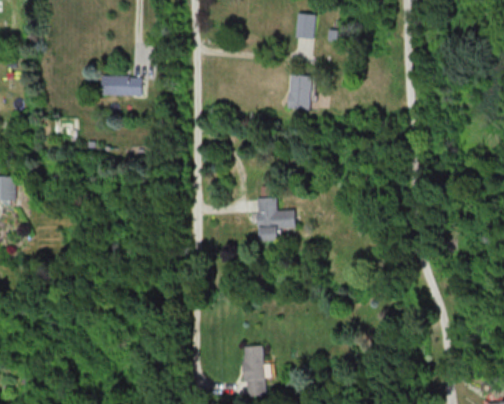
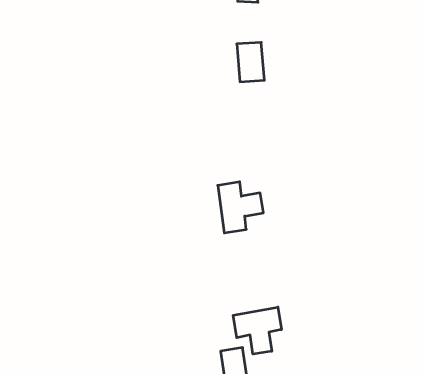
building: [101,76,141,96] -> none
building: none -> [233,307,281,354]

